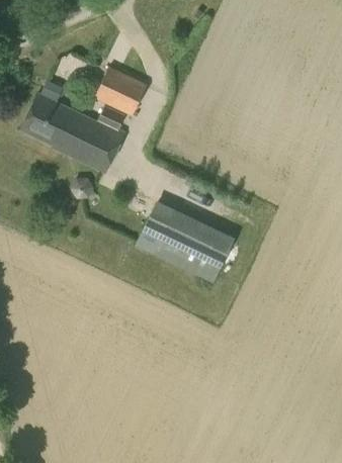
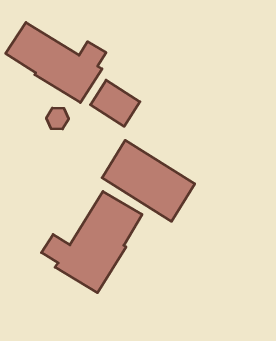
building: [96,68,147,113] -> [90,80,140,126]
building: none -> [41,191,142,293]

